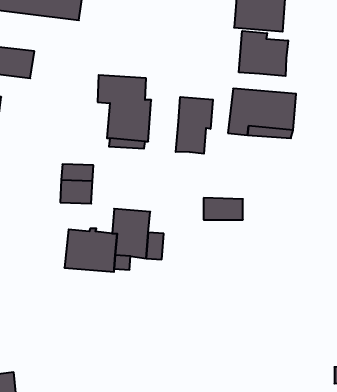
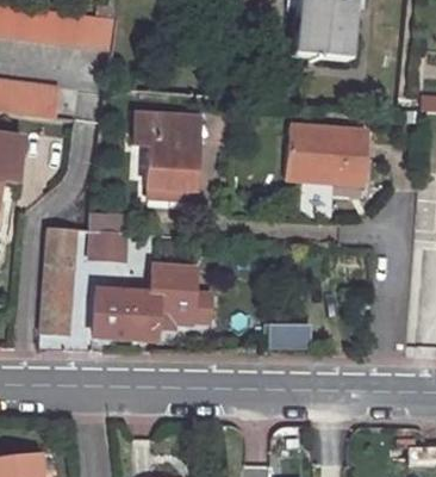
building: [239,31,288,76] -> none
building: [176,97,213,154] -> none
building: none -> [44,229,77,334]
building: [204,198,243,220] -> [267,323,312,348]

